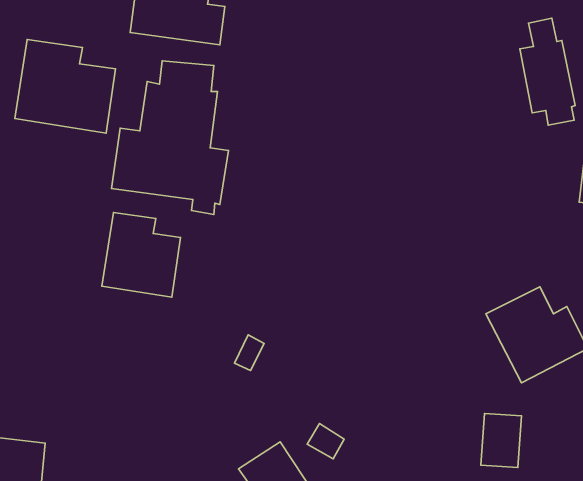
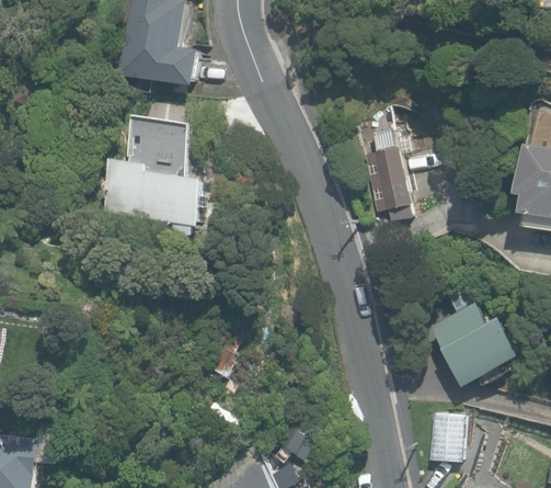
building: [520,18,575,125] -> [364,127,413,223]
building: [15,39,115,133] -> none
building: [102,212,180,297] -> none

